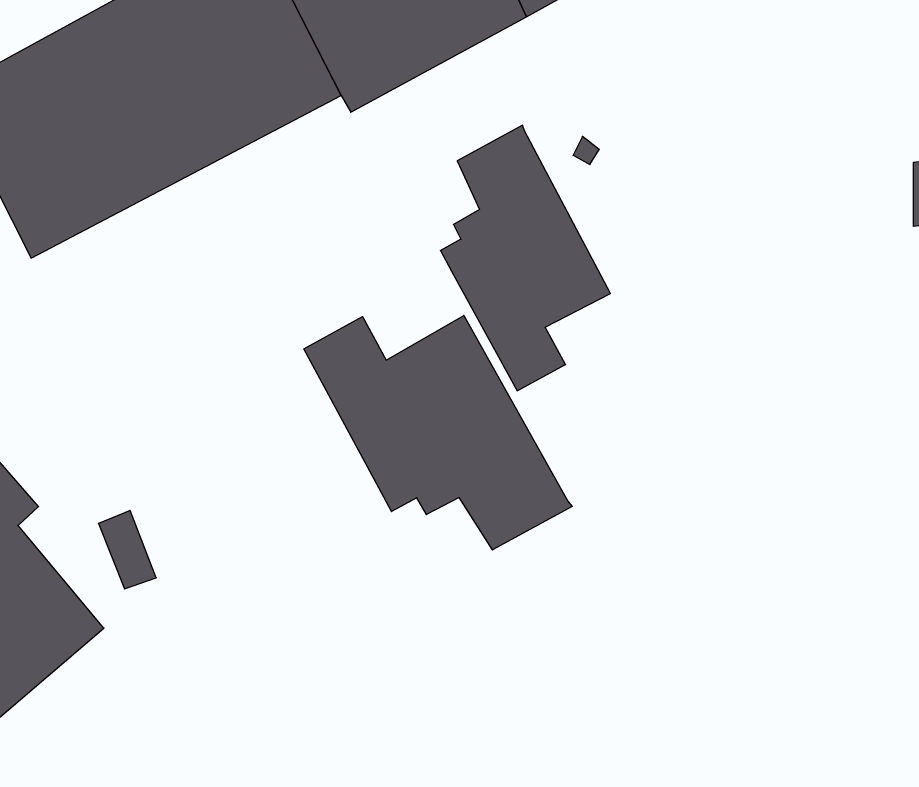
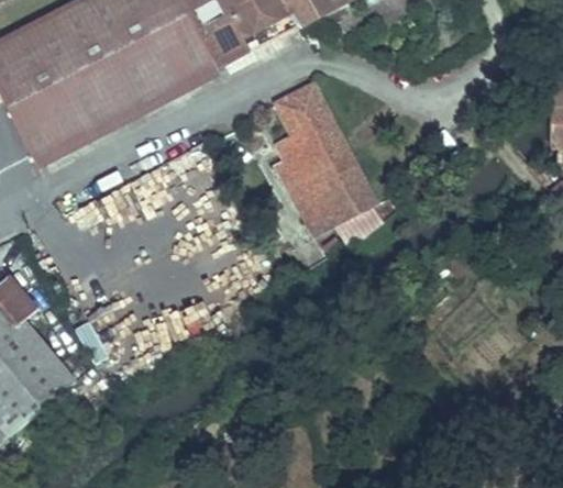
building: none -> [331,180,379,222]
building: [304,315,572,550] -> none

